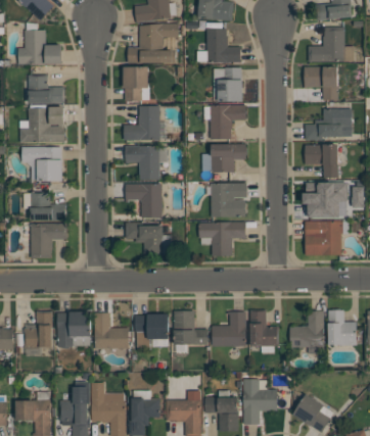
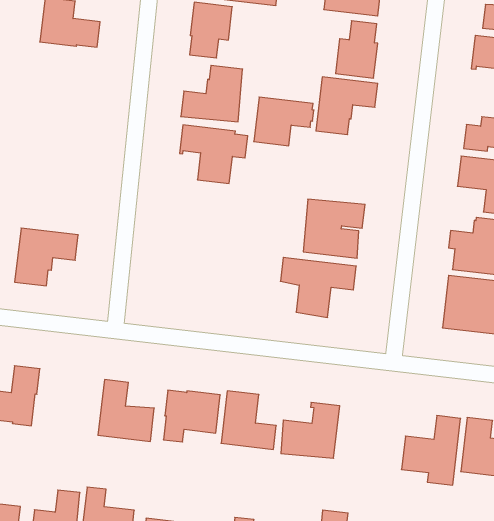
building: [19,107,65,143] -> none
building: [212,144,247,173] -> [254,97,314,146]
building: [22,147,62,182] -> none
building: [126,184,161,219] -> none
building: [31,192,67,222] -> none
building: [126,223,172,254] -> none
building: [250,310,279,346] -> none
building: [57,312,91,348] -> none

